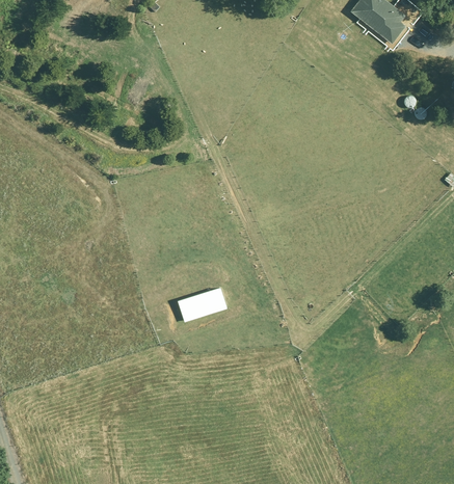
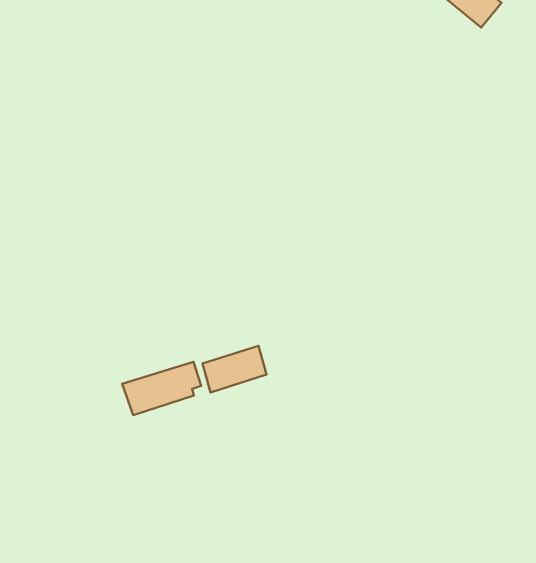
building: none -> [122,362,201,415]

